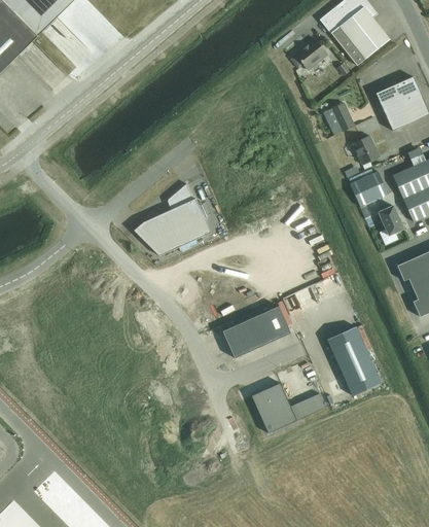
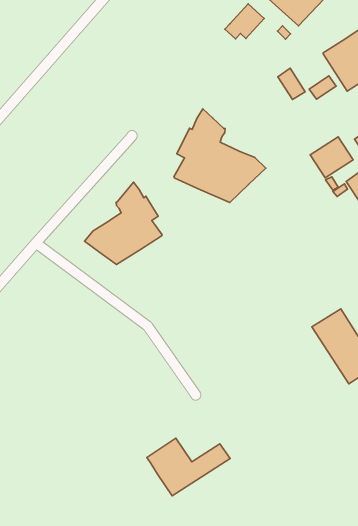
building: none -> [174,109,266,203]
building: [353,135,379,164] -> none
building: [222,306,291,358] -> none
building: [251,382,326,433] -> [147,438,230,496]

